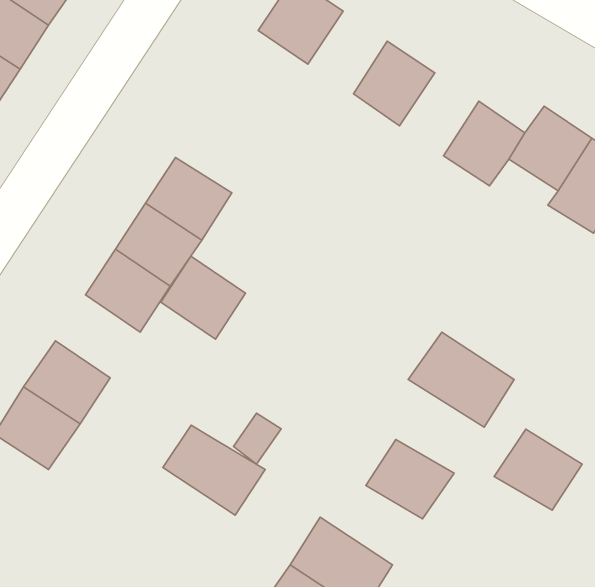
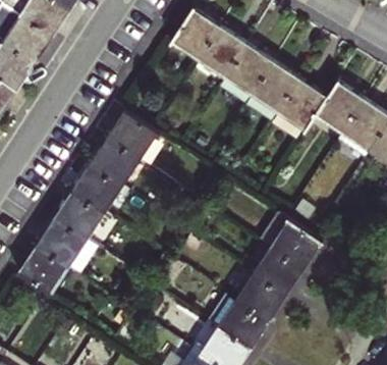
building: none -> [201,29,246,76]
building: none -> [254,64,299,112]
building: [161,256,246,339] -> [55,193,104,241]
building: [163,425,265,515] -> [208,297,267,349]
building: [494,429,582,510] -> [252,249,302,296]

